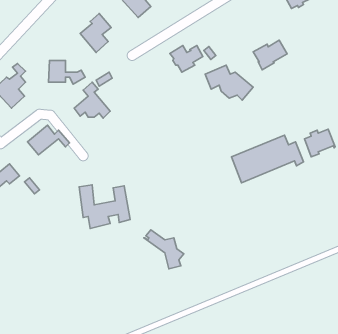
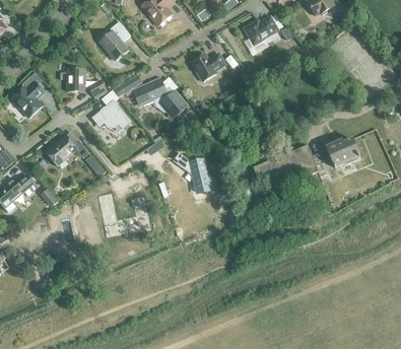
building: [253,40,287,70] -> [243,15,277,46]
building: [205,65,253,100] -> [138,78,187,114]
building: [144,230,184,269] -> [172,151,212,191]

